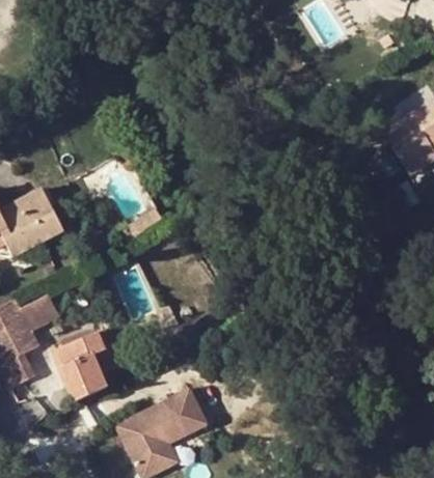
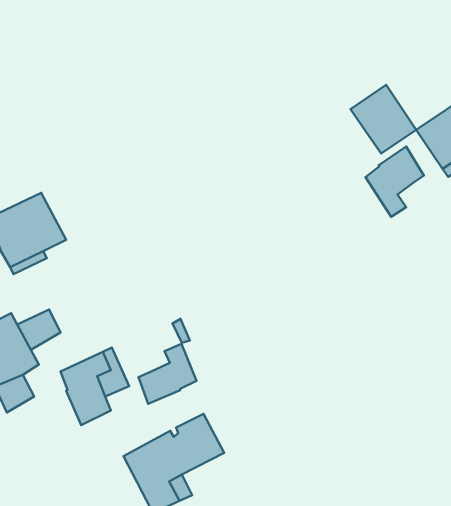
building: none -> [350,85,416,153]
building: none -> [365,146,424,217]
building: none -> [138,344,197,404]

